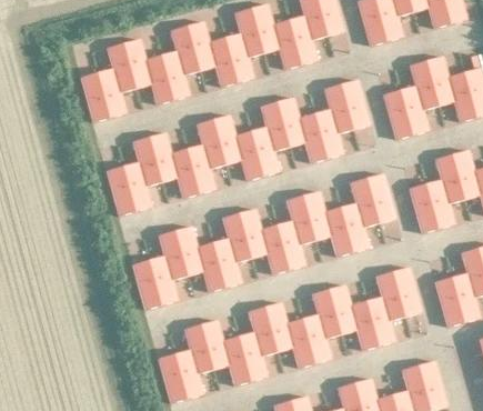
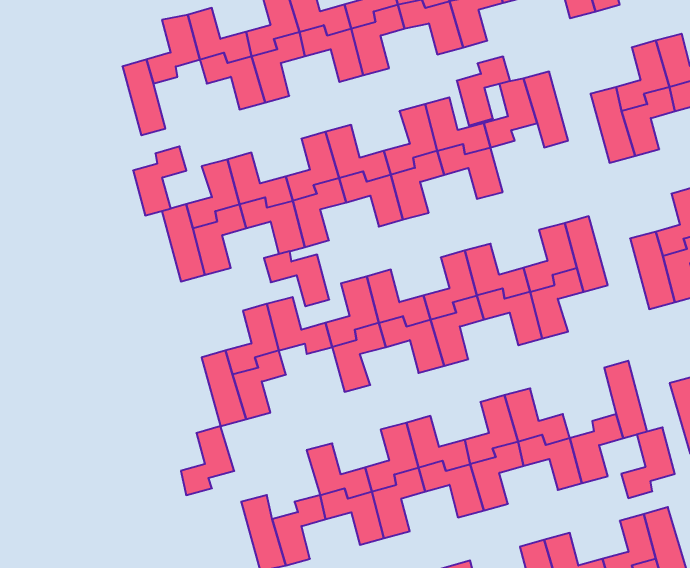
building: [102,72,137,117] -> [133,146,186,215]
building: [320,113,354,158] -> [457,57,510,125]
building: [183,255,225,291] -> [264,251,329,306]
building: [366,271,401,317] -> [621,427,675,498]
building: [175,324,210,369] -> [181,426,234,495]

